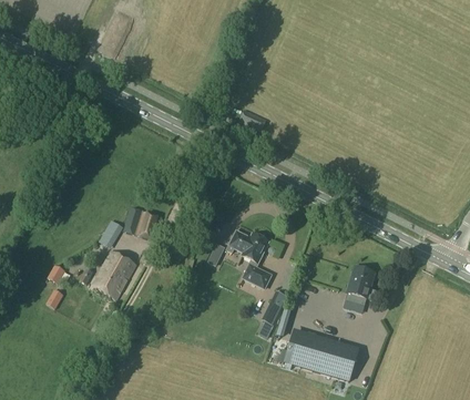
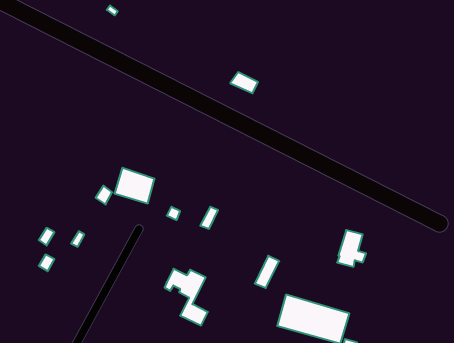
building: [227,232,270,288] -> [165,269,208,325]
building: [92,250,136,298] -> none

